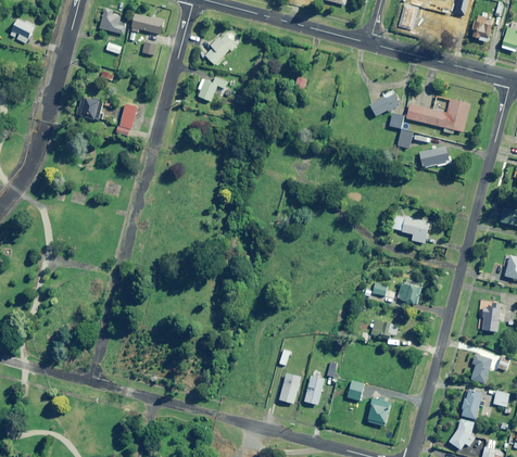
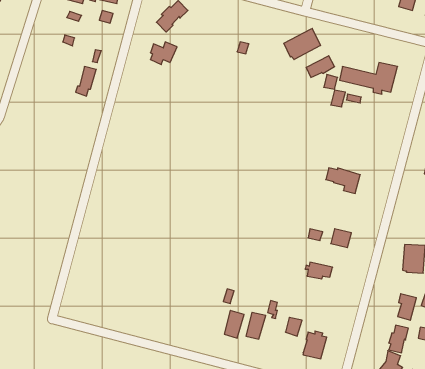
building: none -> [284,28,320,60]
building: [76,93,103,120] -> none
building: [418,145,450,167] -> none

